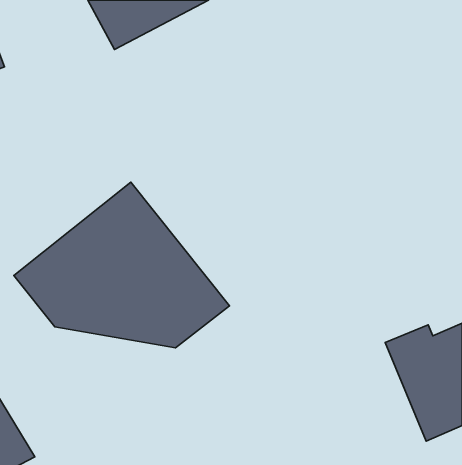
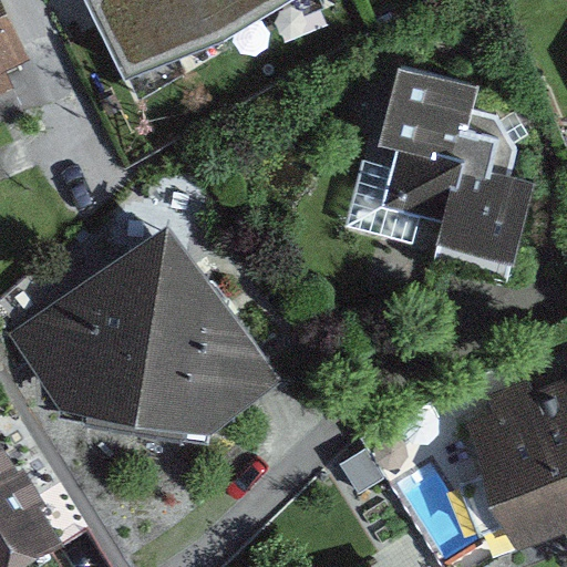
building: none -> [354,69,534,285]

